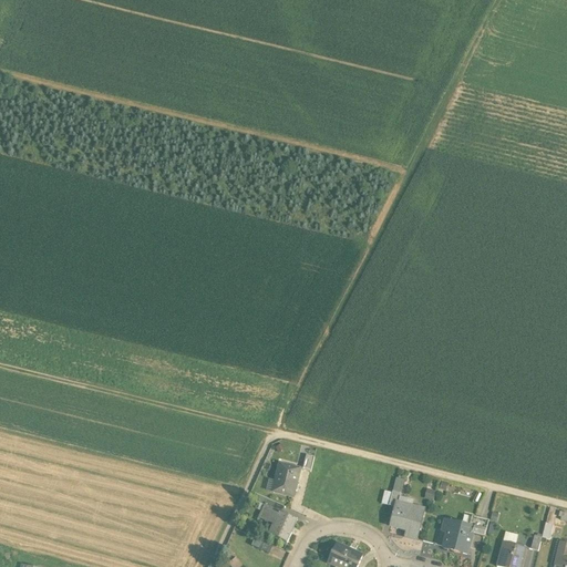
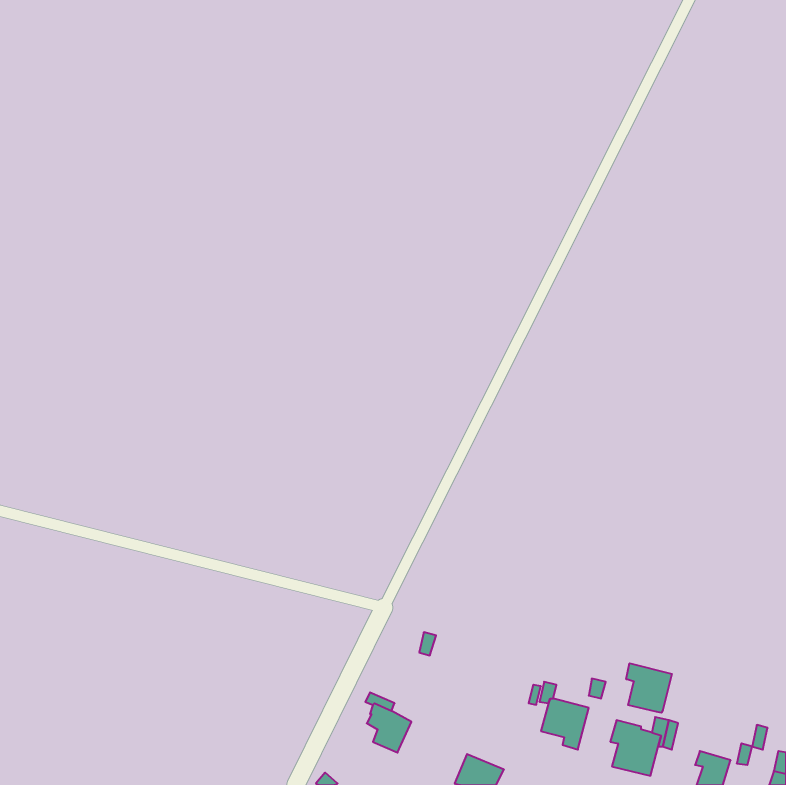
building: [271,462,299,496] -> none
building: none -> [626,663,672,713]

